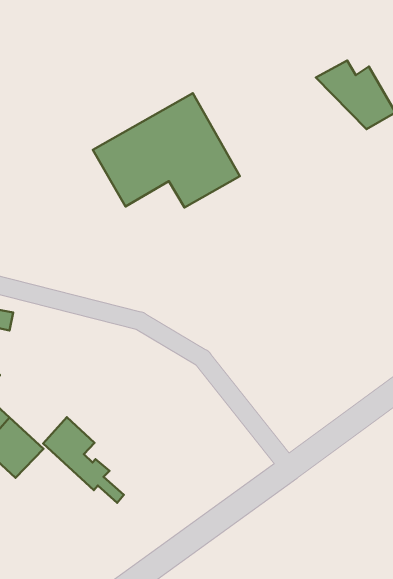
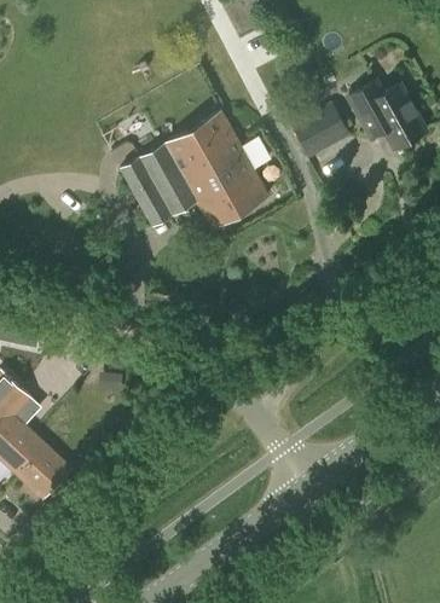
building: none -> [291,103,351,158]
building: [43,417,124,503] -> none

